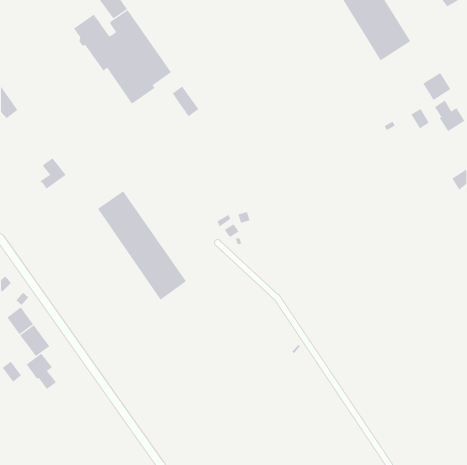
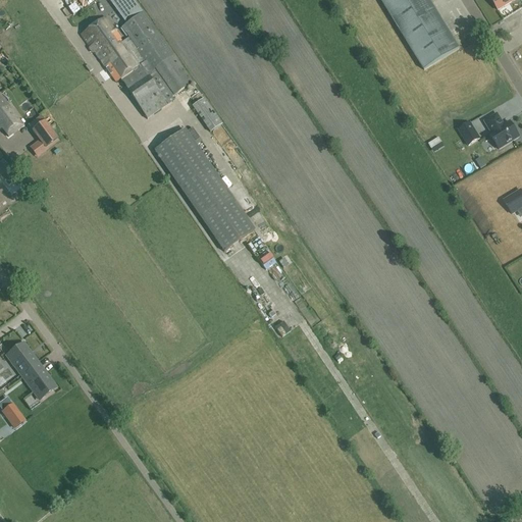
building: [423,72,451,101] -> none
building: [40,157,66,189] -> [30,119,59,155]
building: [97,191,187,300] -> [154,127,254,250]
building: [26,353,57,390] -> none

